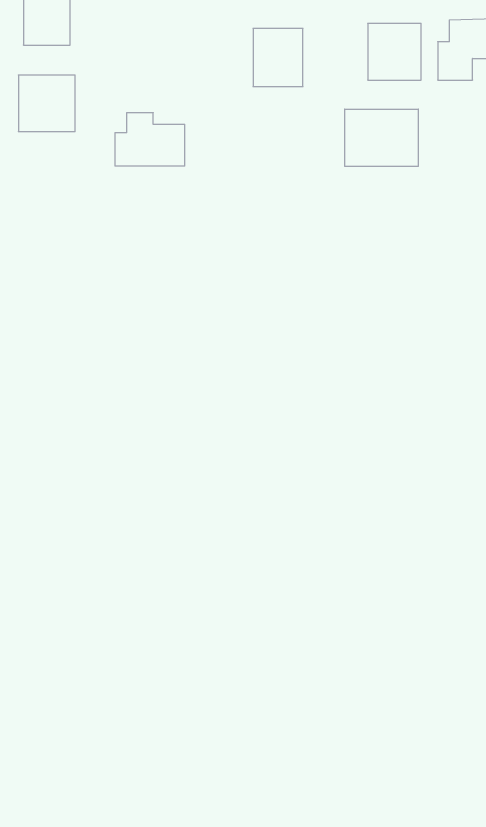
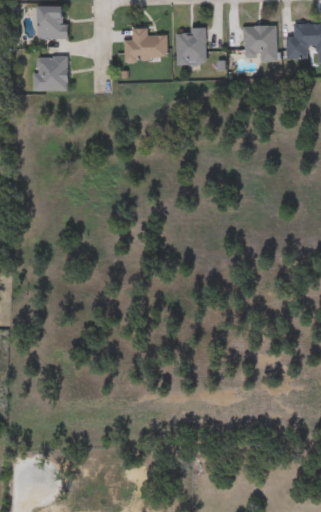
building: [345,109,418,166] -> none
building: [115,113,185,166] -> [125,28,167,60]

